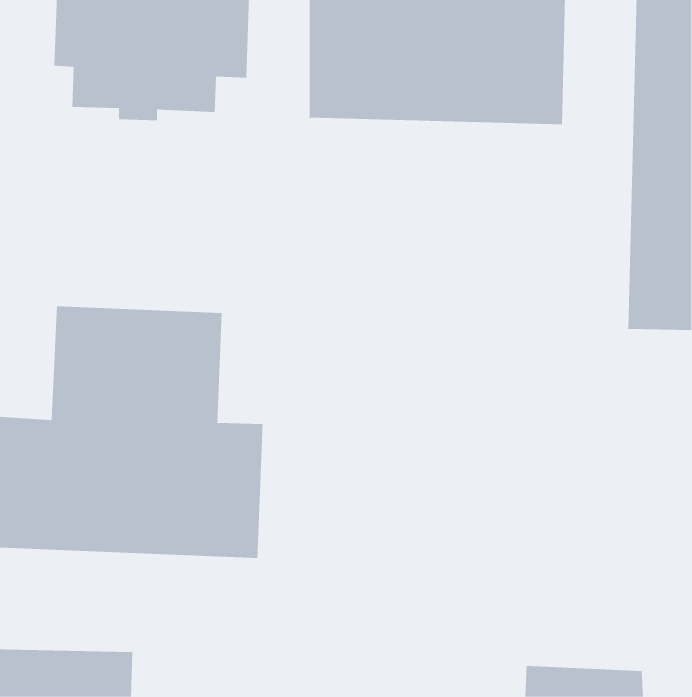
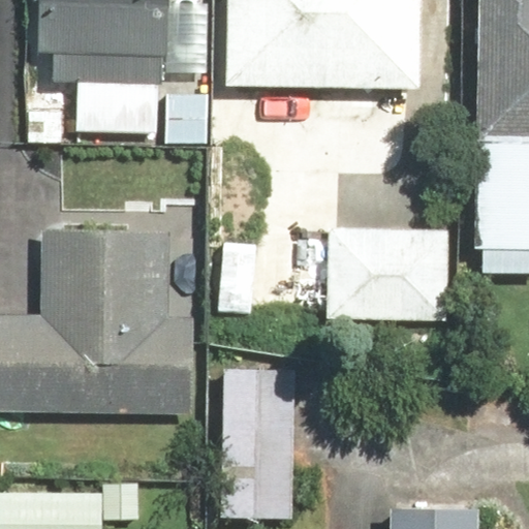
building: none -> [328,226,450,320]
building: none -> [220,370,299,521]

